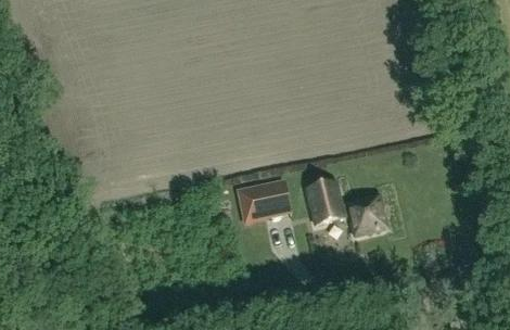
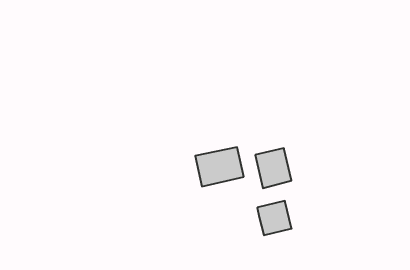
building: [348,193,387,232] -> [257,201,292,235]

